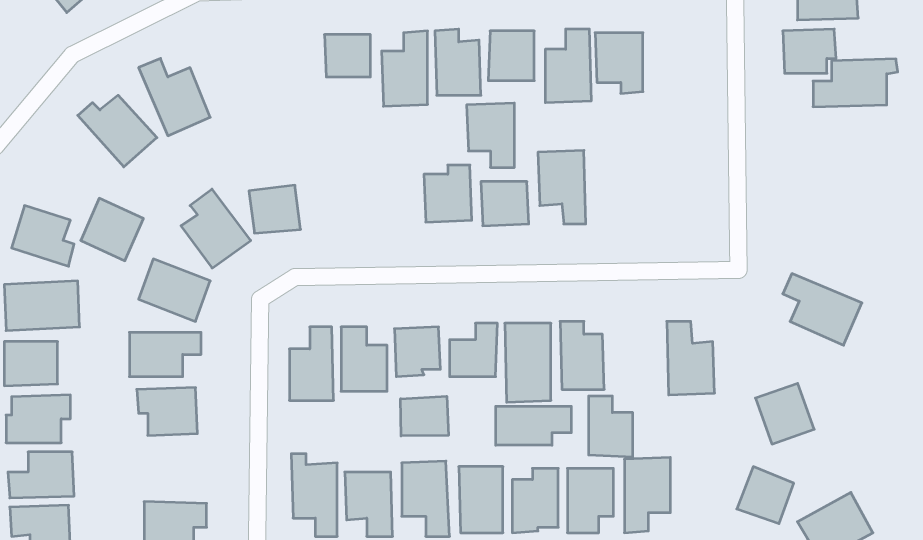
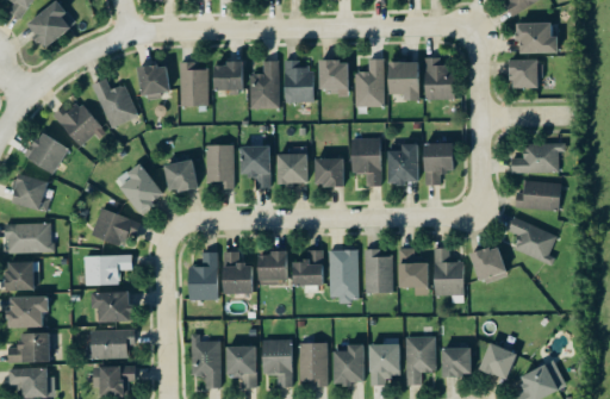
building: none -> [424,58,453,100]
building: none -> [180,62,208,107]
building: none -> [137,64,169,98]
building: [813,59,898,107] -> [511,143,566,174]
building: [467,103,514,167] -> [239,145,270,187]
building: none -> [423,143,453,186]
building: none -> [387,144,418,182]
building: none -> [206,145,235,189]
building: [81,198,143,261] -> [26,133,67,174]
building: none -> [516,182,560,210]
building: [755,383,814,444] -> [469,245,508,285]
building: [589,396,633,457] -> [399,249,428,288]
building: [401,396,448,436] -> none
building: [496,406,571,445] -> none
building: none -> [89,330,136,360]
building: none -> [442,348,471,376]

